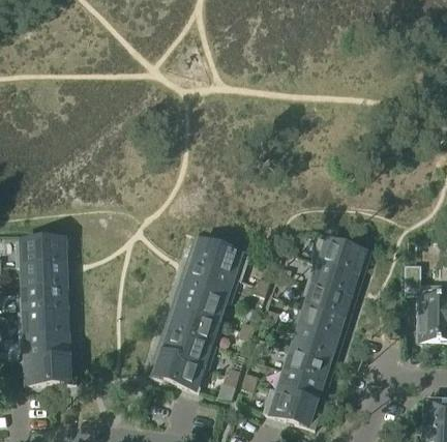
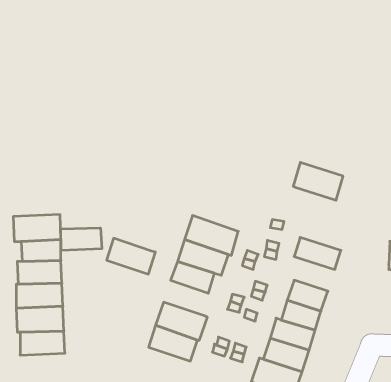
building: [311,236,363,275] -> [293,162,343,200]
building: none -> [61,228,102,251]
building: [300,282,350,318] -> none
building: [172,306,222,344] -> [107,238,155,274]

